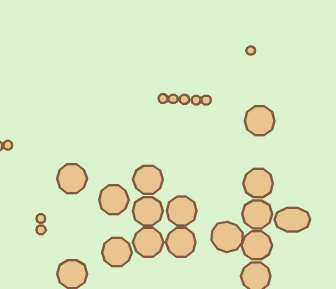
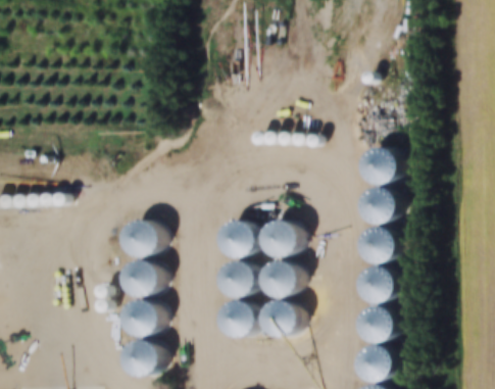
building: none -> [359,188,397,224]
building: none -> [261,222,299,258]
building: [99,185,129,214] -> [122,261,160,298]
building: [274,208,310,231] -> none
building: [211,222,243,252] -> none
building: [102,238,132,266] -> [122,302,160,338]

